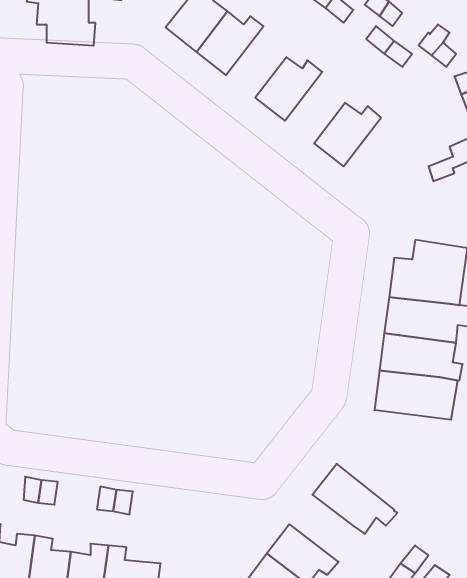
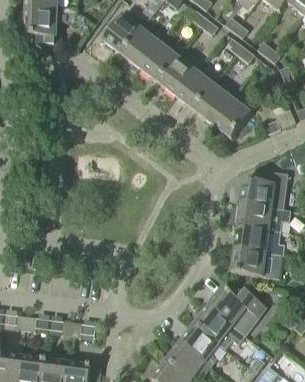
building: none -> [140,39,177,83]
building: none -> [176,67,213,111]
building: none -> [212,95,250,139]
building: none -> [208,287,265,335]
building: none -> [179,326,218,367]

